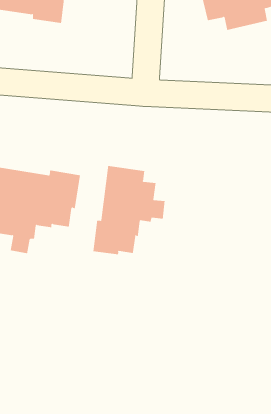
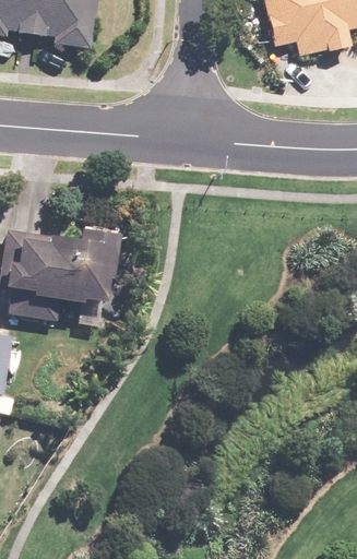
building: [93,165,165,255] -> none

